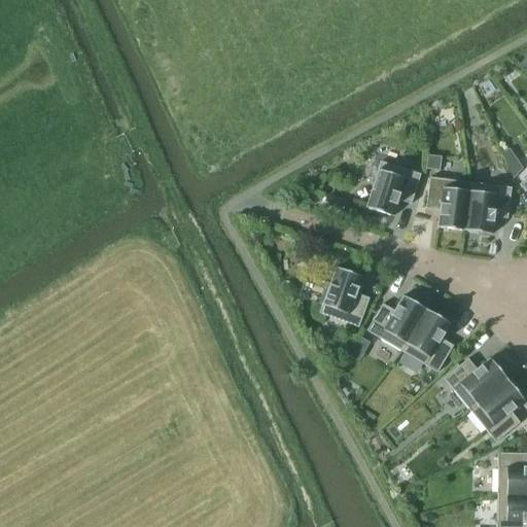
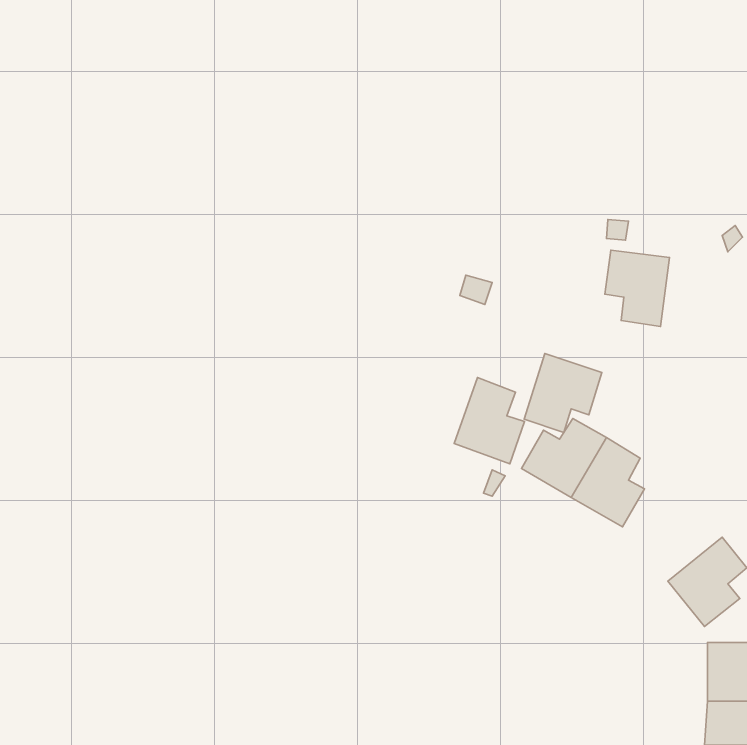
building: [366,160,421,215] -> [524,353,602,432]
building: [465,181,513,233] -> none
building: [445,356,508,409] -> none

